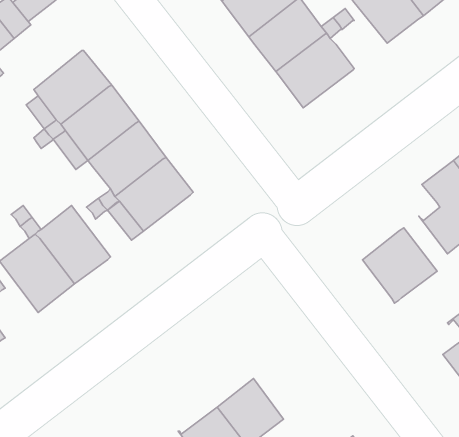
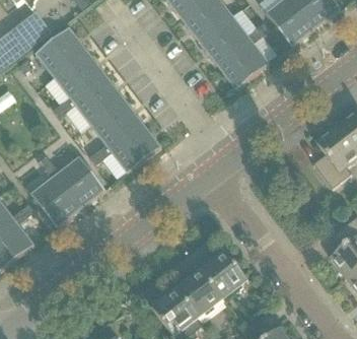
building: none -> [34,25,86,76]
building: [362,228,437,303] -> none
building: none -> [201,251,247,298]

